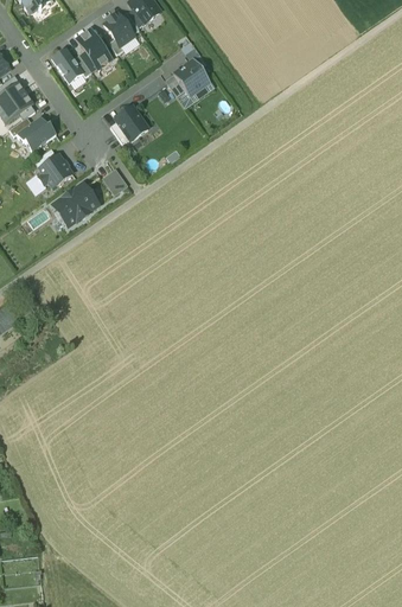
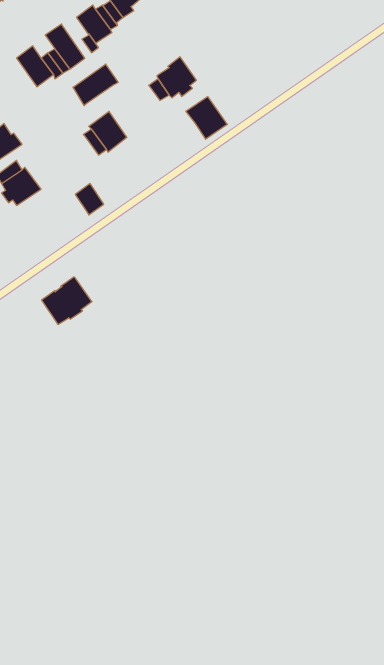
building: none -> [73,64,118,106]
building: none -> [186,97,227,139]
building: [53,183,97,224] -> [42,277,92,325]

